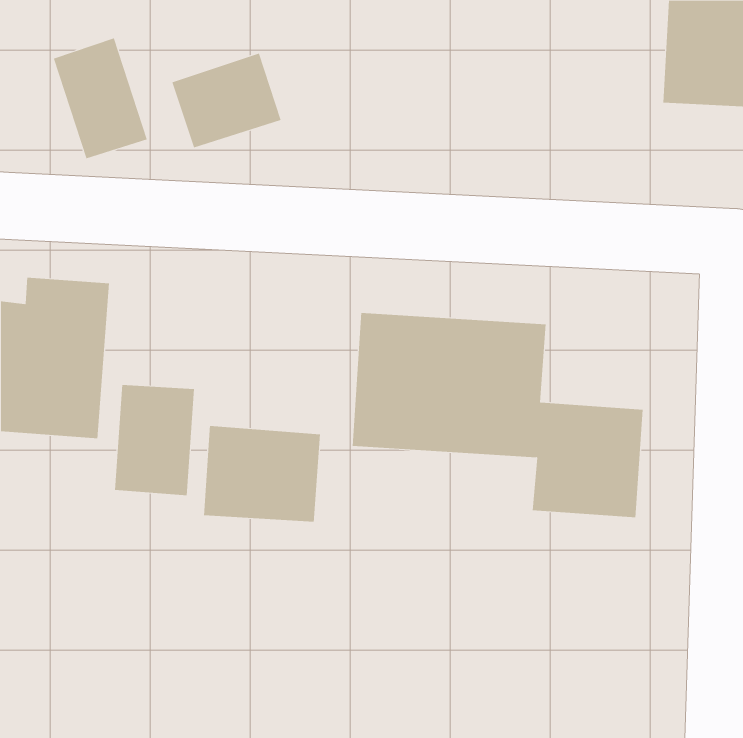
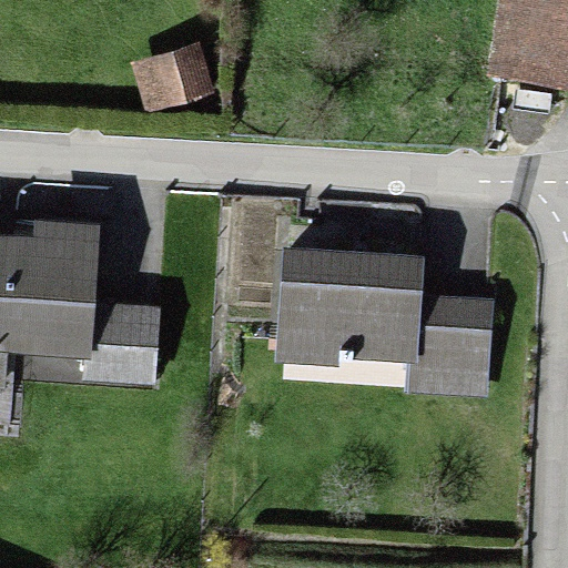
building: [53,37,147,159] -> none
building: [203,425,321,522] -> none

